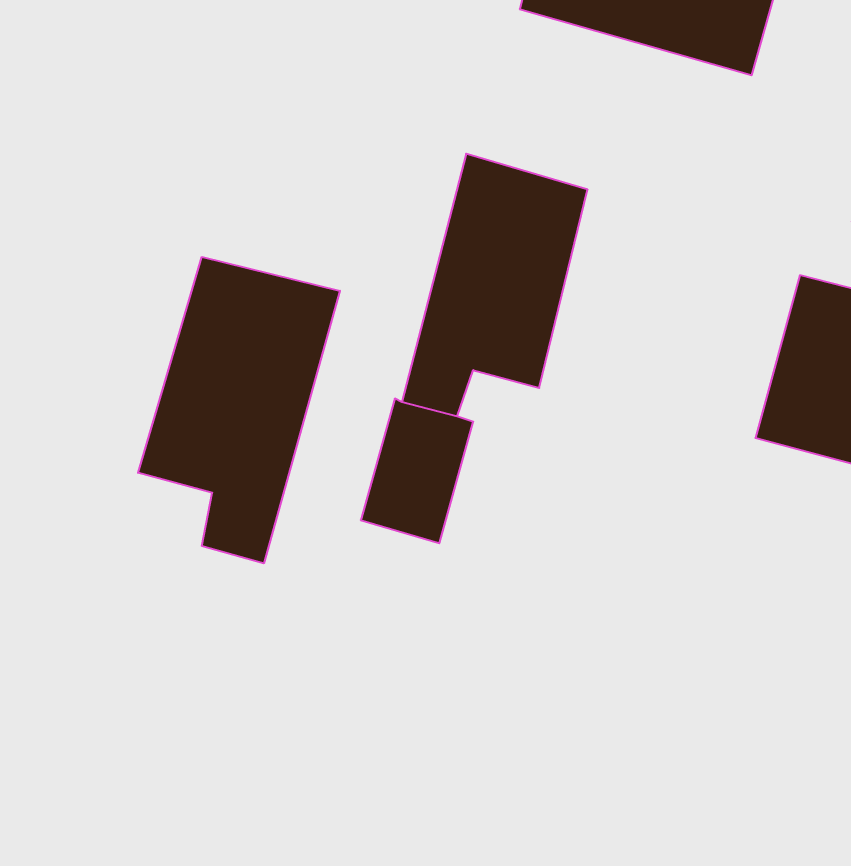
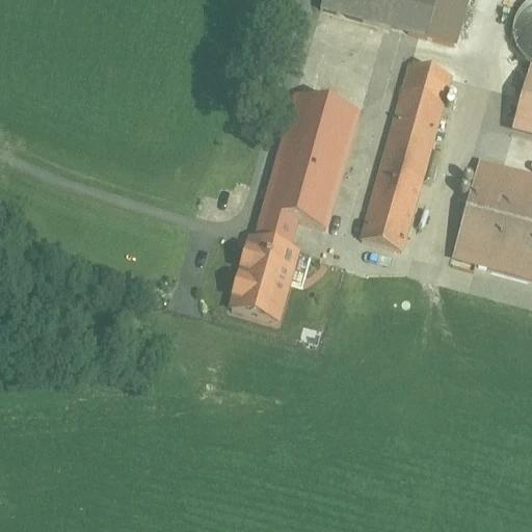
building: none -> [361,57,457,241]
building: [138,257,340,563] -> none

